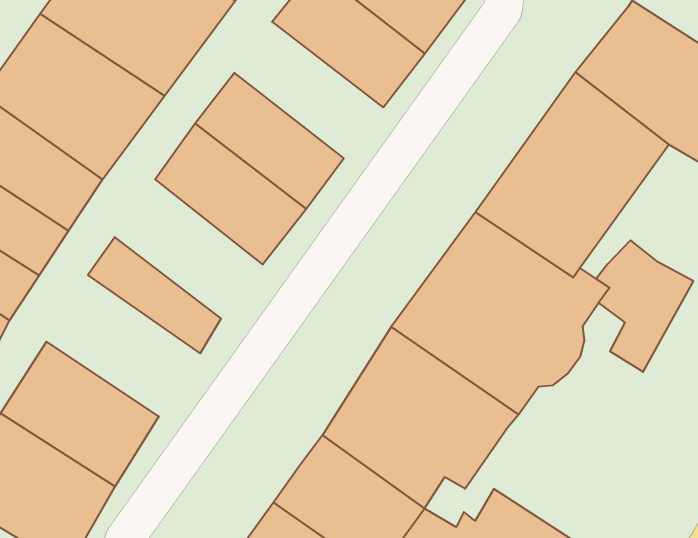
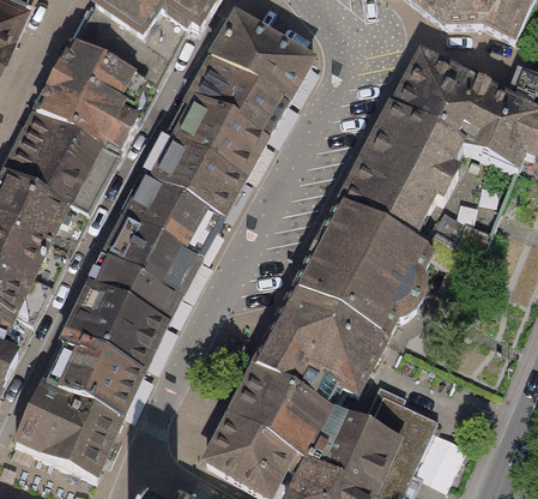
building: none -> [164,96,266,180]
building: none -> [99,211,200,297]
building: none -> [64,281,167,368]

